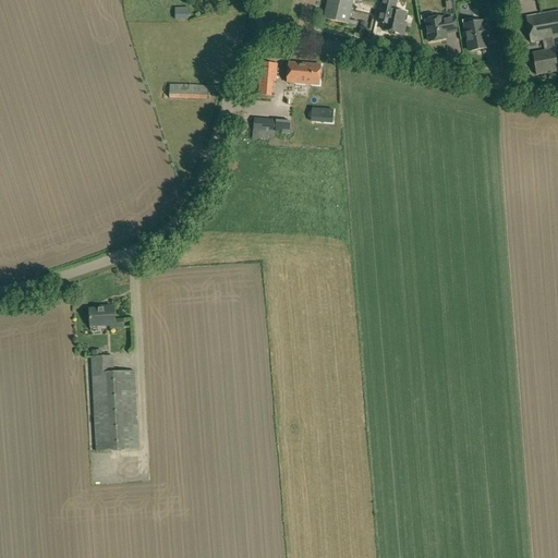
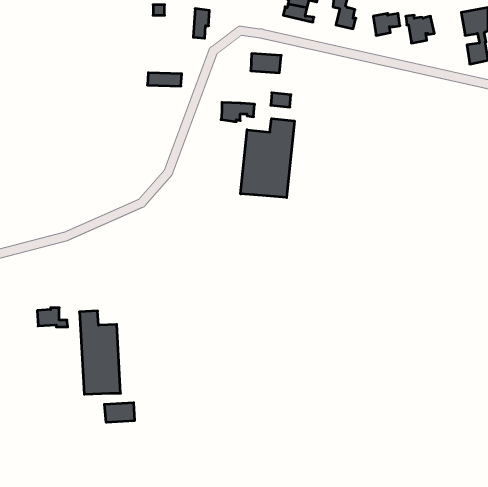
building: [257,60,276,94] -> [193,9,209,38]
building: none -> [241,119,294,198]
building: [88,304,123,326] -> [37,308,68,327]
building: none -> [104,403,134,422]

